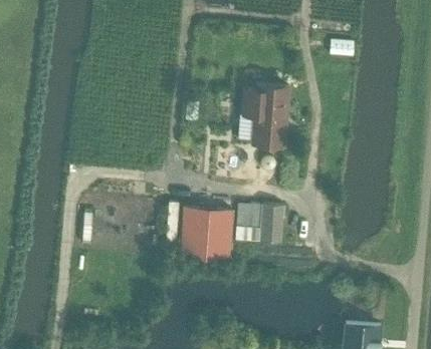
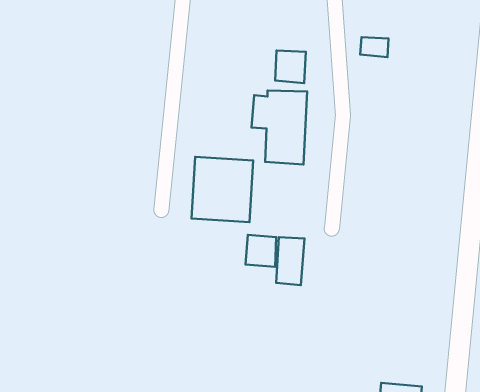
building: none -> [275,50,306,83]
building: [182,207,232,260] -> [191,157,253,222]

